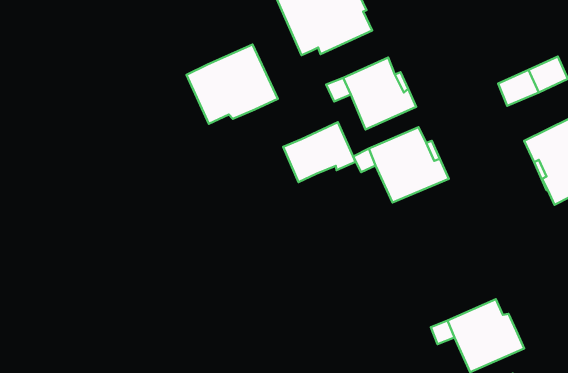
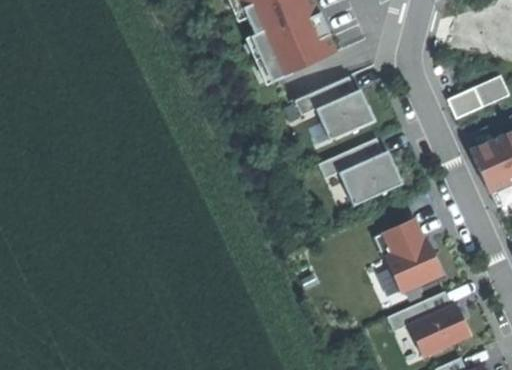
building: [187,44,278,124] -> none
building: [283,122,355,182] -> none
building: none -> [373,219,447,292]

